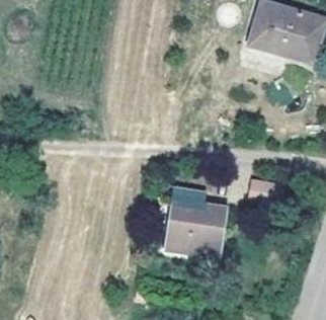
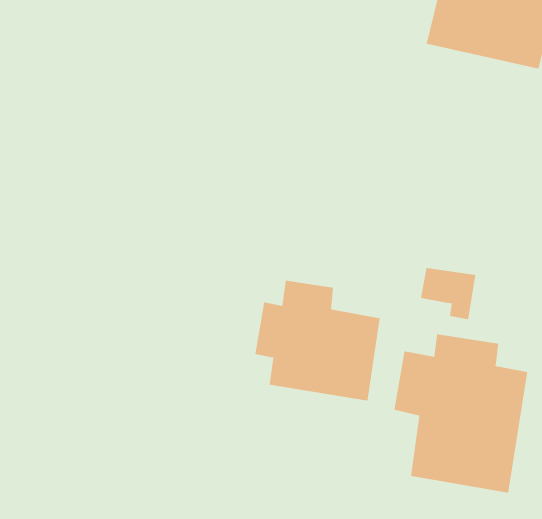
building: none -> [394,334,528,493]

